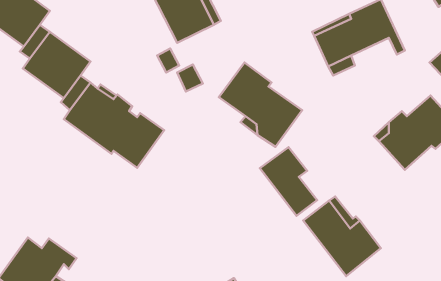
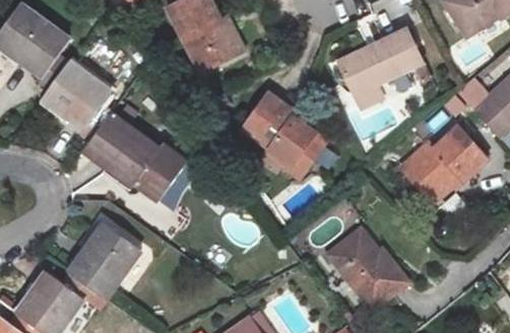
building: [260,147,317,216] -> none
building: none -> [68,222,141,299]

